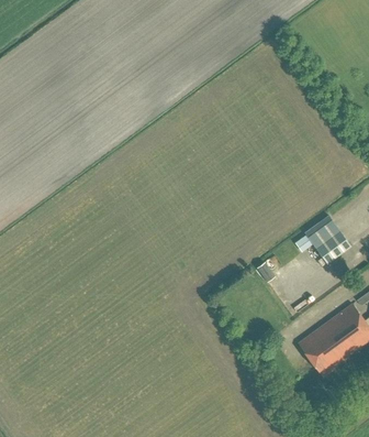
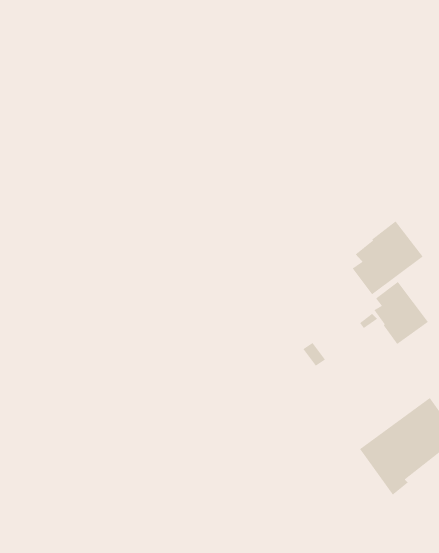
building: none -> [352,220,424,295]

